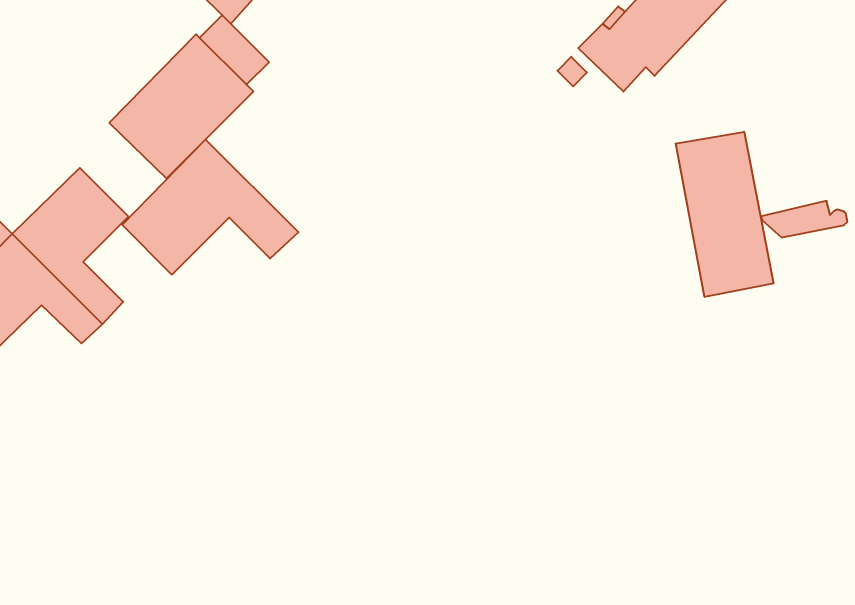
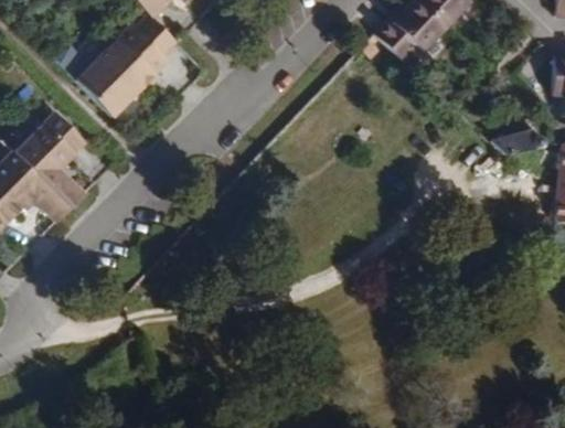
building: [676,132,774,297] -> none
building: [122,139,298,275] -> none

